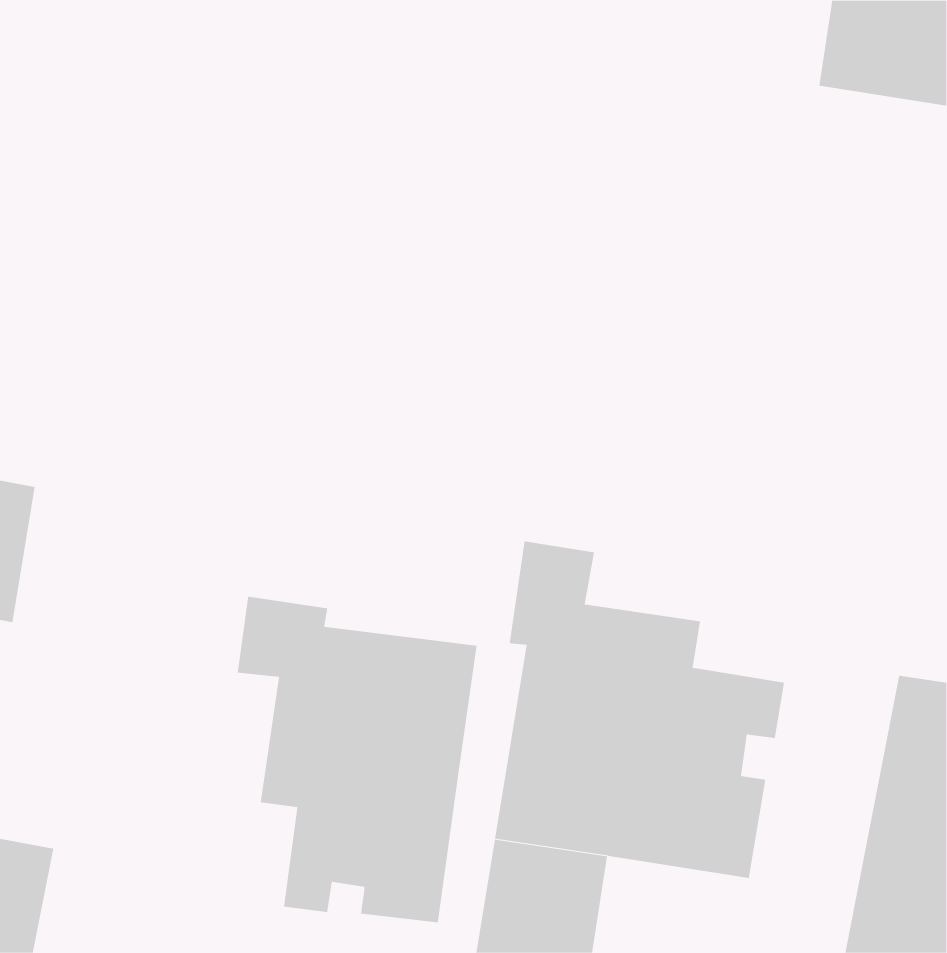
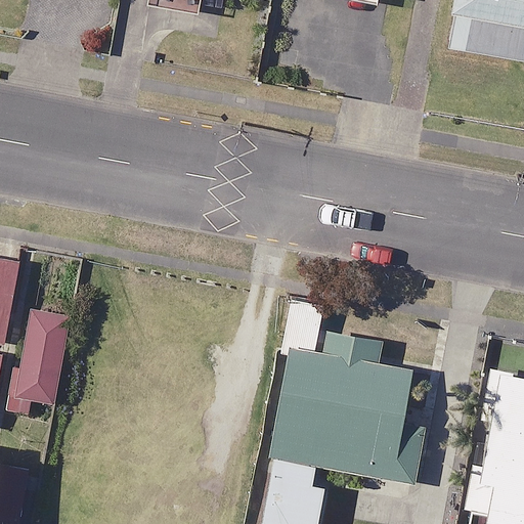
building: none -> [10,318,75,414]
building: [237,596,477,923] -> none

